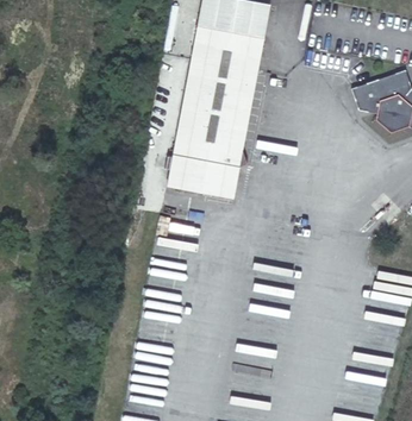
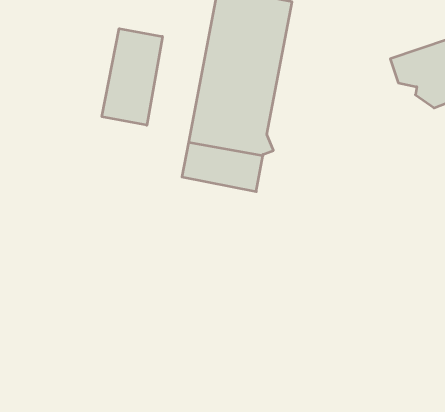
building: none -> [102,29,162,125]

